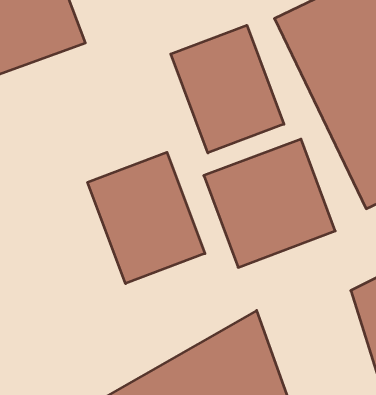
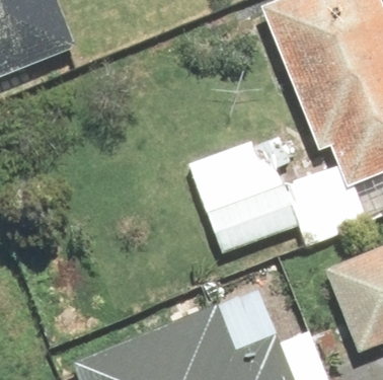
building: [171,25,284,153] -> none
building: [88,152,205,284] -> none

